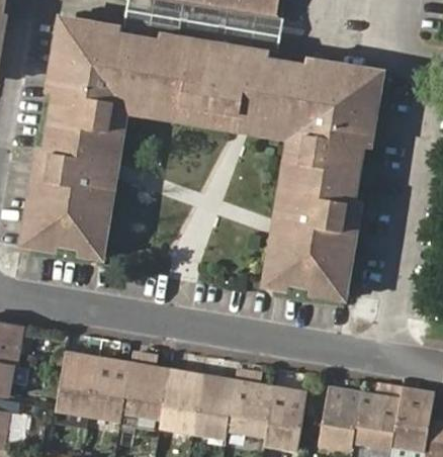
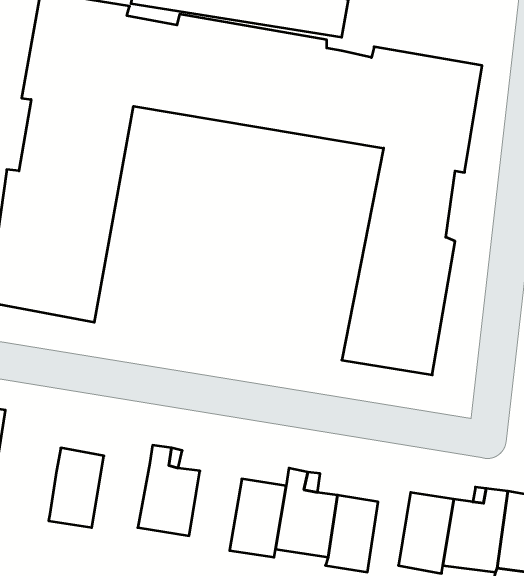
building: [94,99,311,289] -> none
building: [92,361,136,420] -> none
building: [164,372,204,432] -> none

